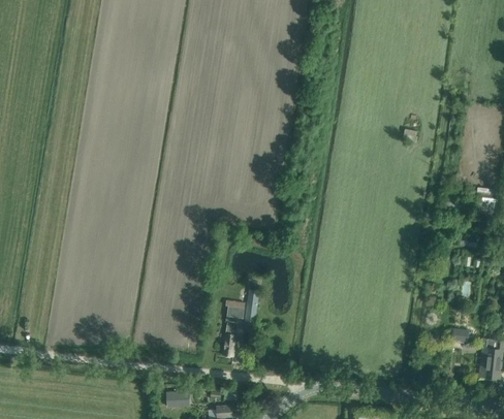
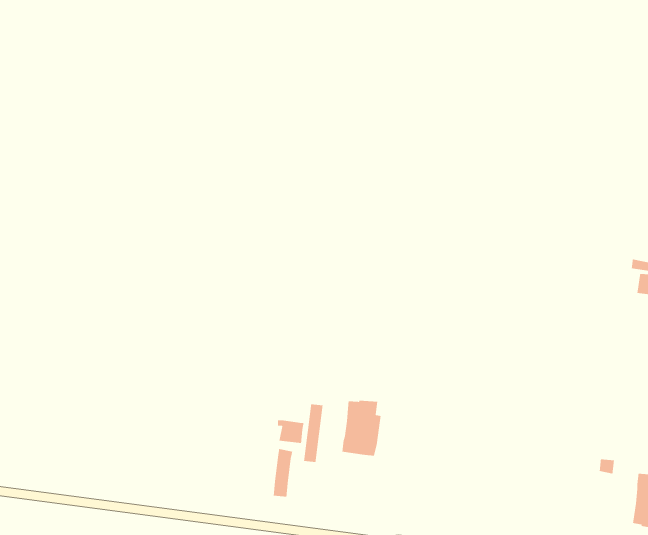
building: none -> [342,400,382,456]

